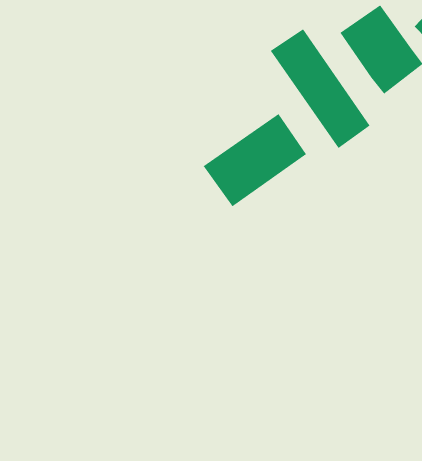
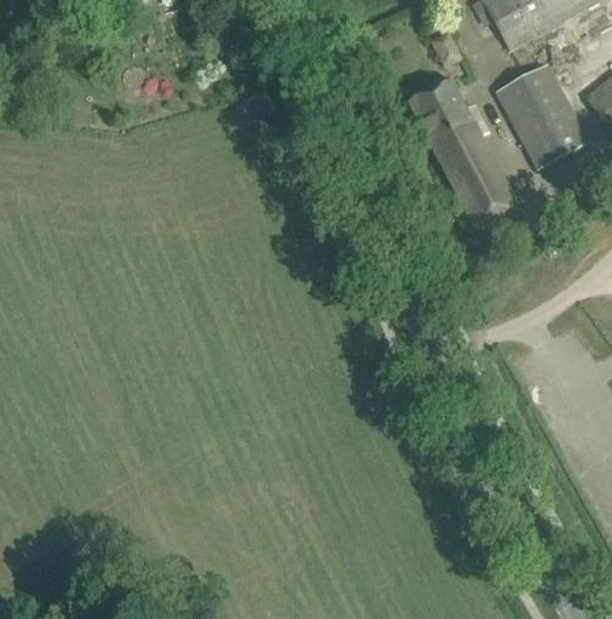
building: [203,113,307,207] -> none

